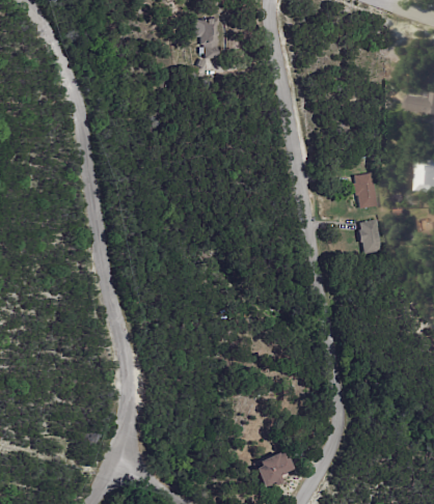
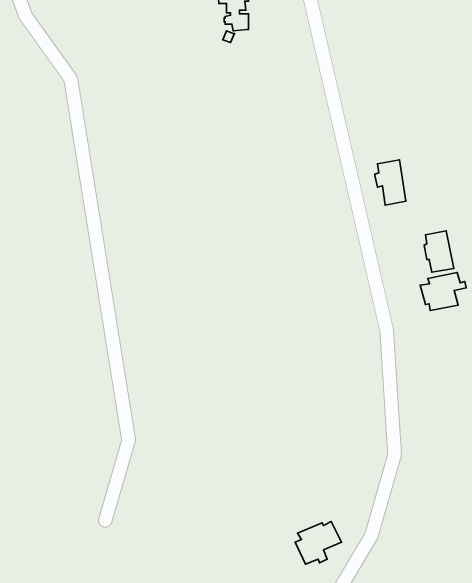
building: [351,173,376,209] -> [375,160,406,205]
building: none -> [420,273,466,310]

